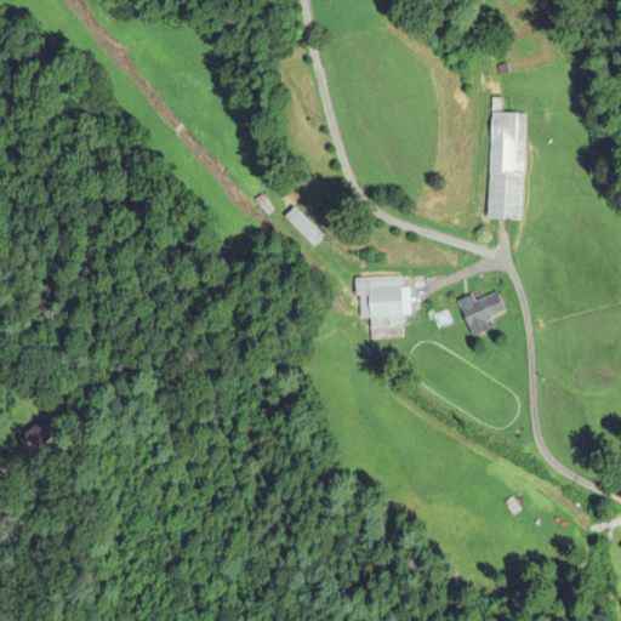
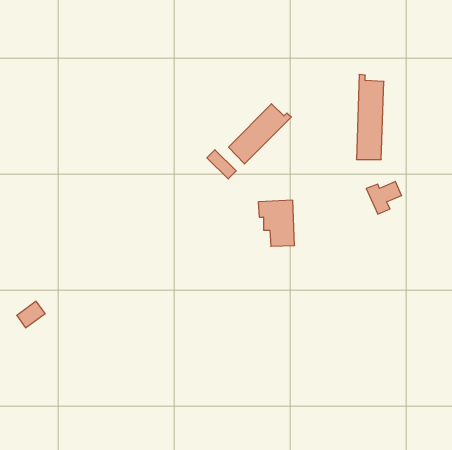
building: none -> [229,104,291,164]
building: [457,290,506,335] -> [366,181,402,214]

